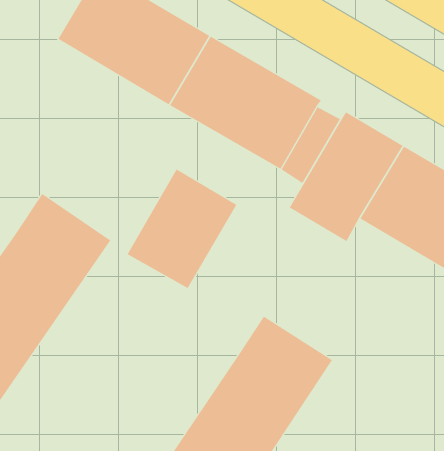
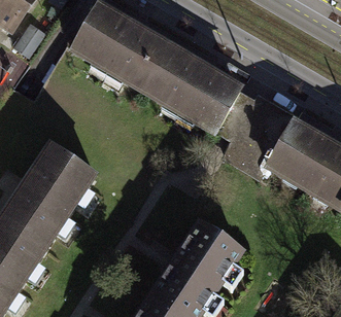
building: [127,169,237,289] -> none

